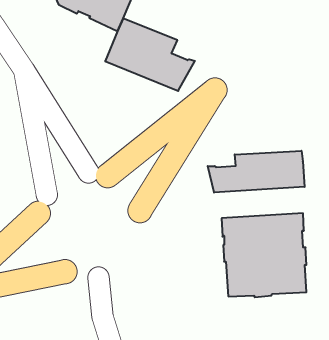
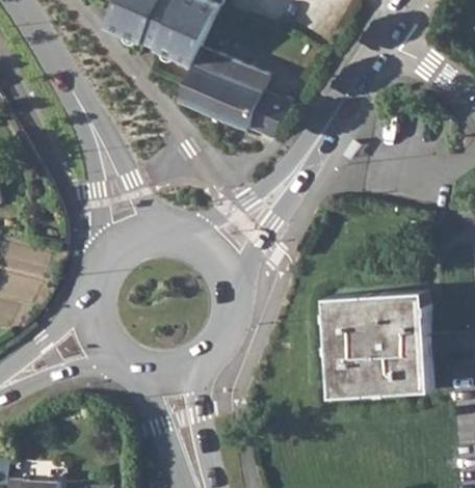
building: [208,151,305,193] -> none

